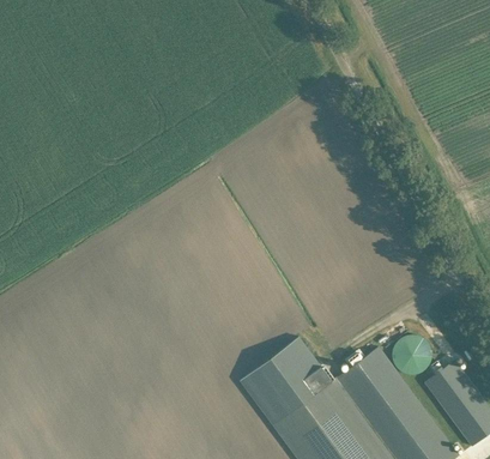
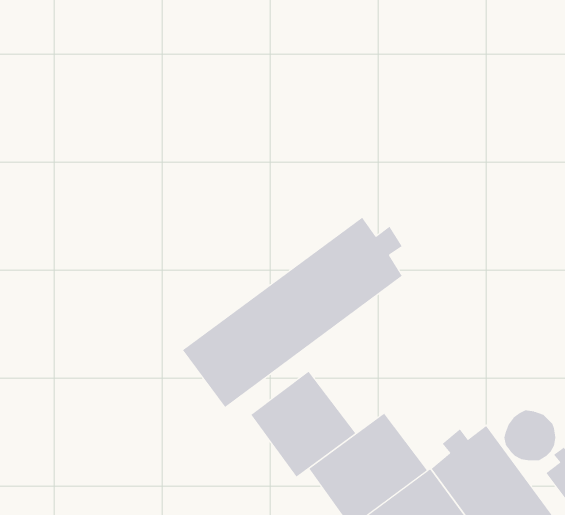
building: none -> [182,217,403,408]
building: none -> [250,371,356,478]

